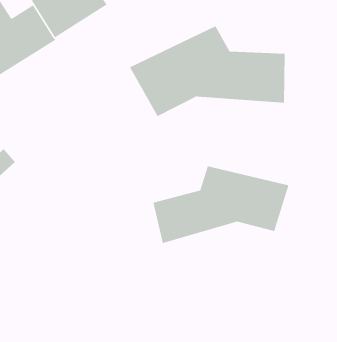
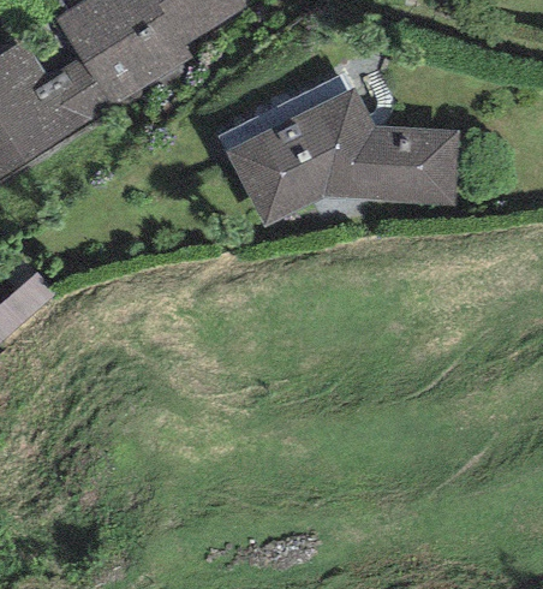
building: [153,166,289,244] -> none

